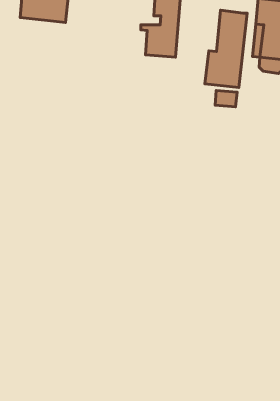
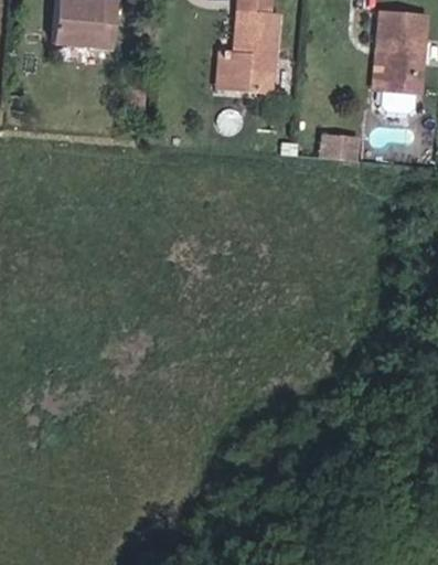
building: [205,10,247,87] -> none

